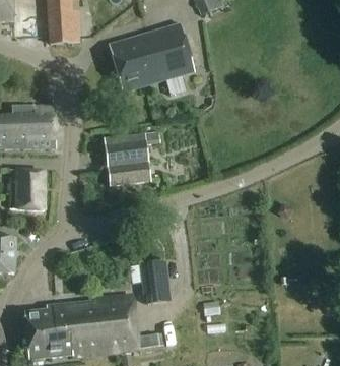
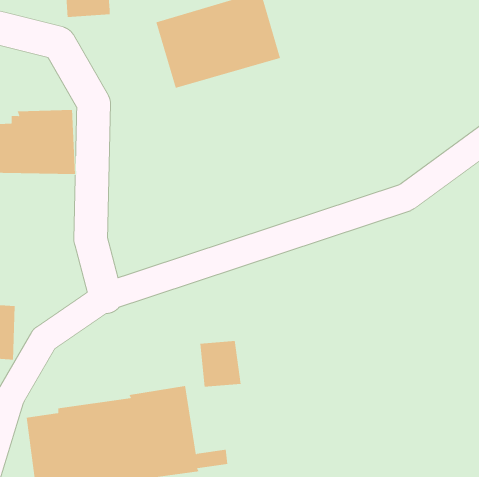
building: [103,128,160,180] -> none
building: [9,169,44,209] -> none

